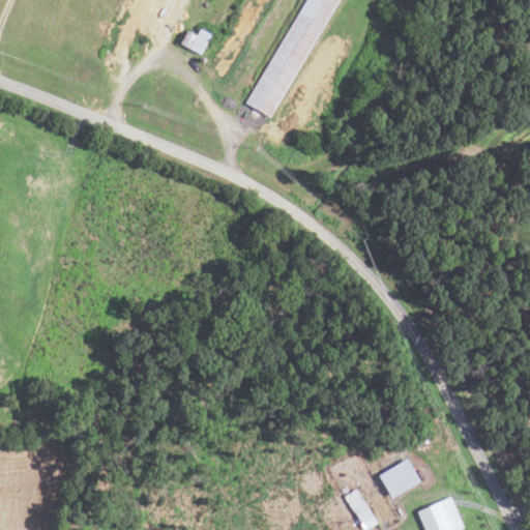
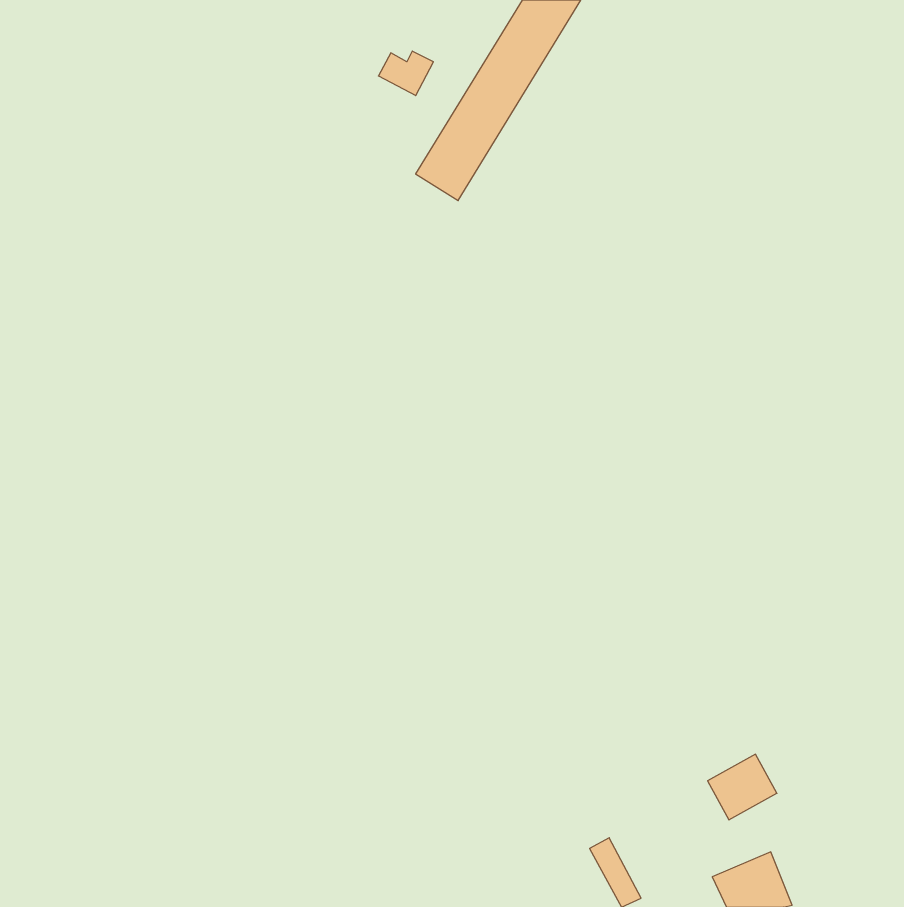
building: [179,29,211,55] -> [378,51,433,96]
building: [380,459,420,497] -> [708,754,777,820]

